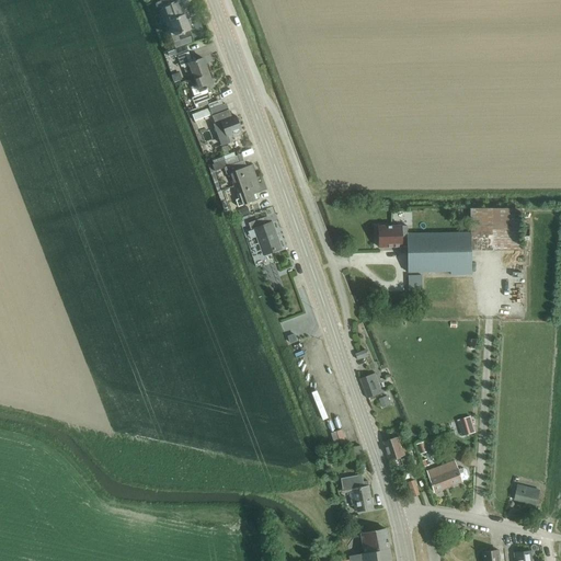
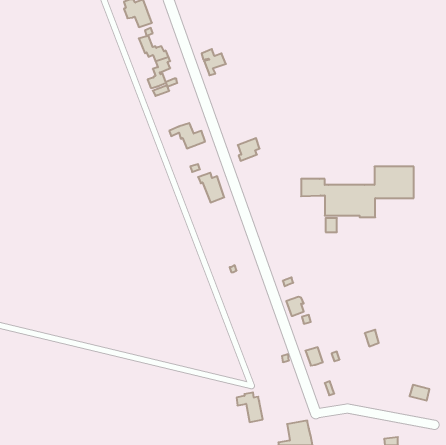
building: [213,111,243,144] -> [202,49,226,75]
building: [234,178,262,206] -> [238,138,260,161]
building: [426,459,469,492] -> none
building: [341,474,374,512] -> [237,392,263,422]

